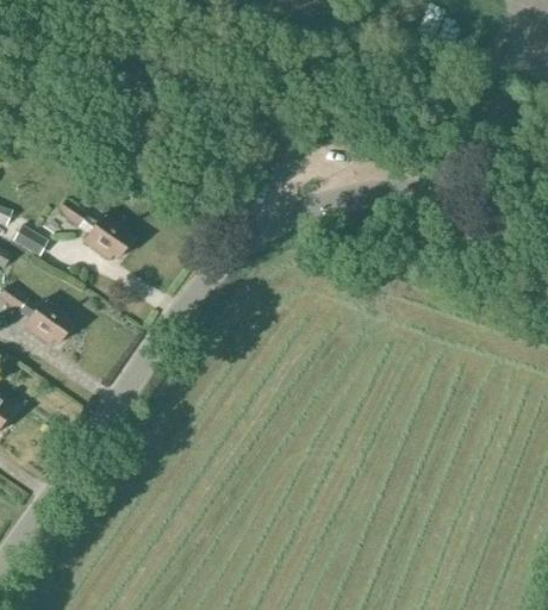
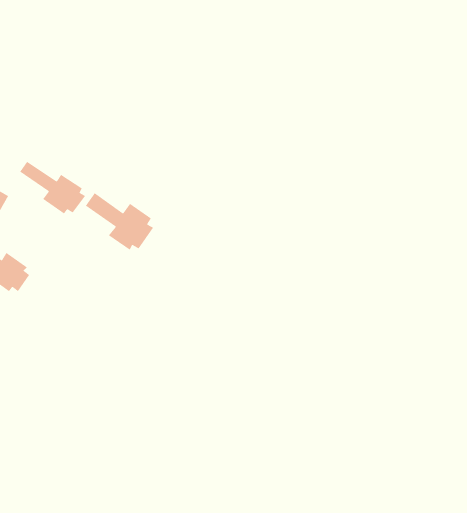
building: none -> [85,192,154,251]

